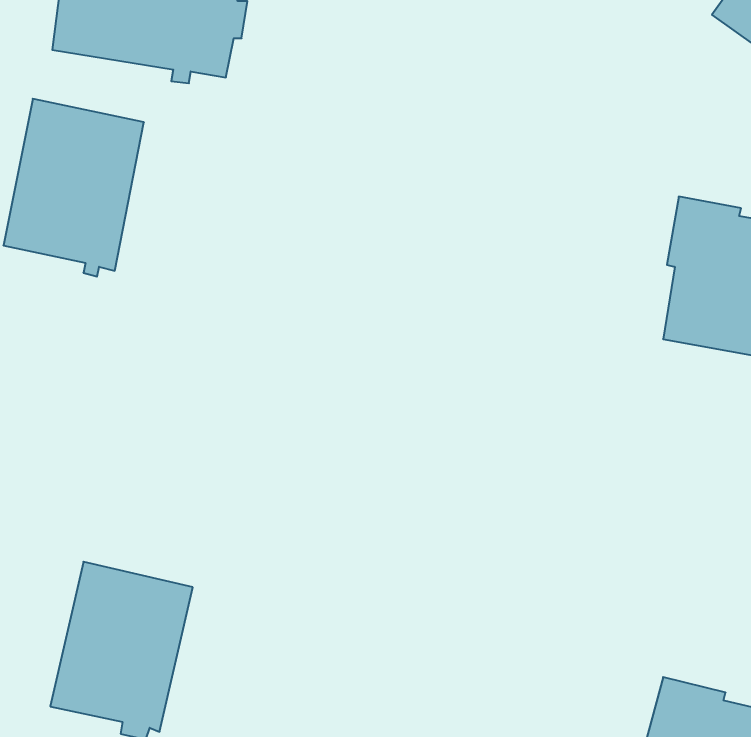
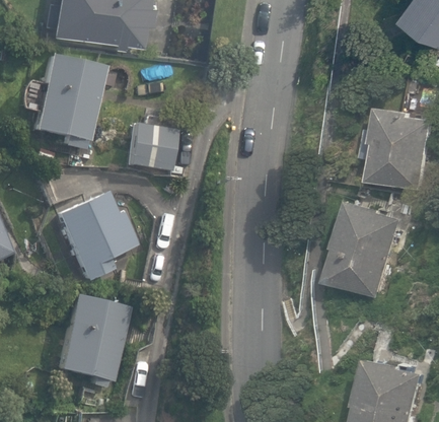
building: none -> [128,123,176,171]
building: none -> [53,191,137,282]
building: none -> [331,197,407,295]

